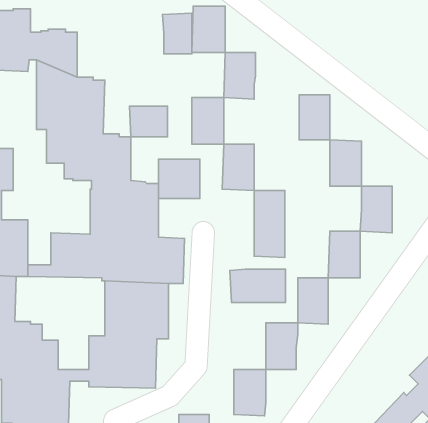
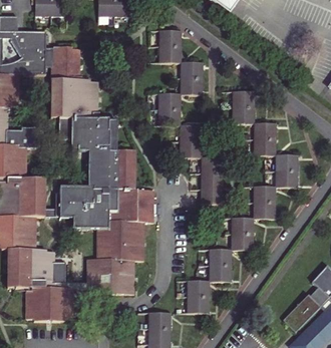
building: [163,13,192,54] -> none
building: [130,106,167,137] -> none
building: [158,159,200,198] -> none
building: [230,269,286,302] -> none

